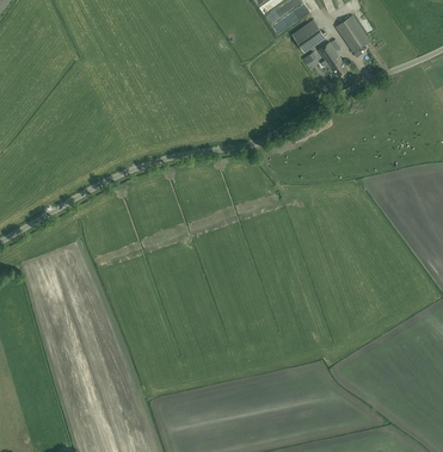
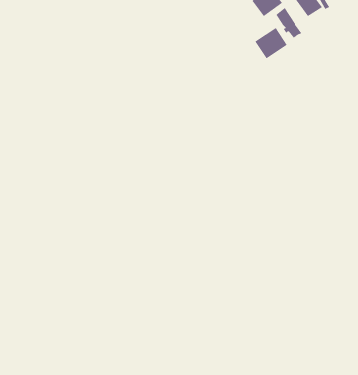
building: none -> [255,27,288,59]

